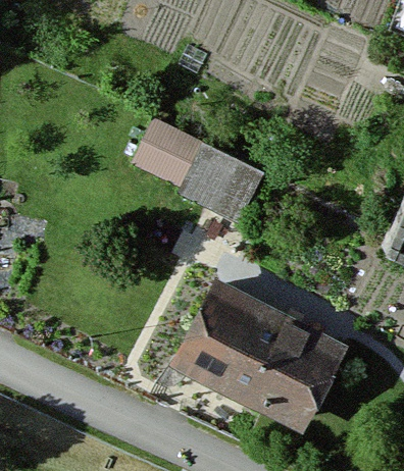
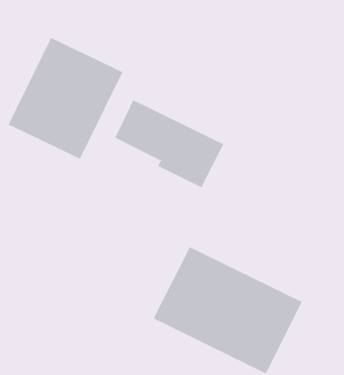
building: none -> [8,37,123,159]

